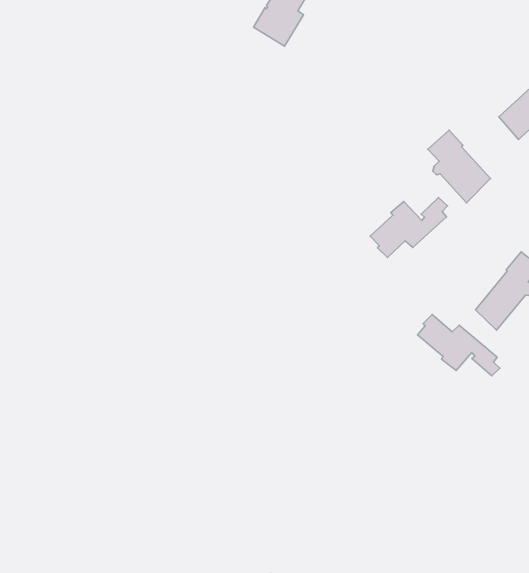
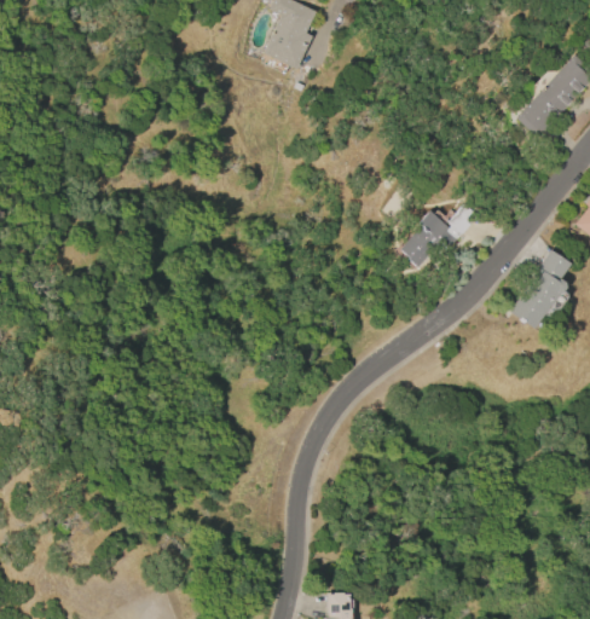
building: [428,130,490,203] -> none
building: [417,315,500,376] -> none

